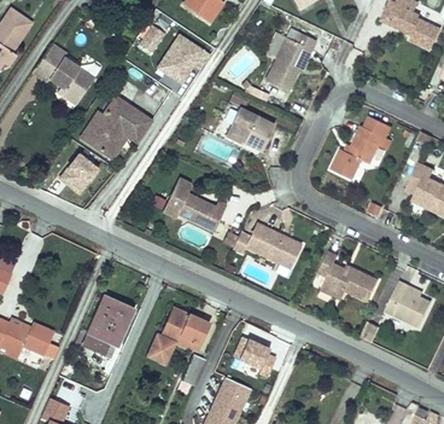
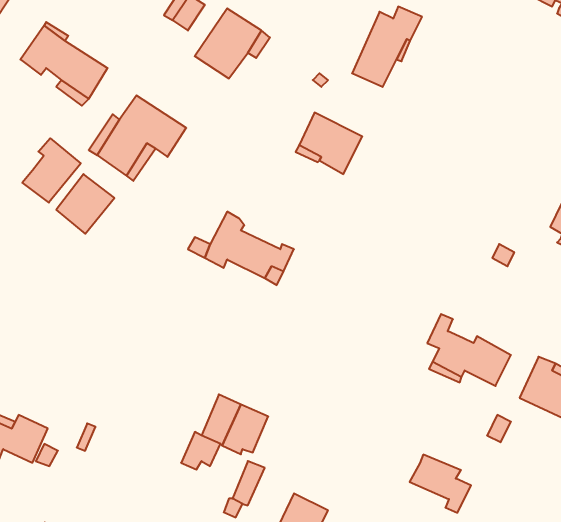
building: [332,126,386,179] -> none
building: none -> [22,138,81,203]
building: [234,223,303,263] -> none
building: [82,298,130,359] -> none
building: [233,337,276,378] -> [410,455,471,513]

